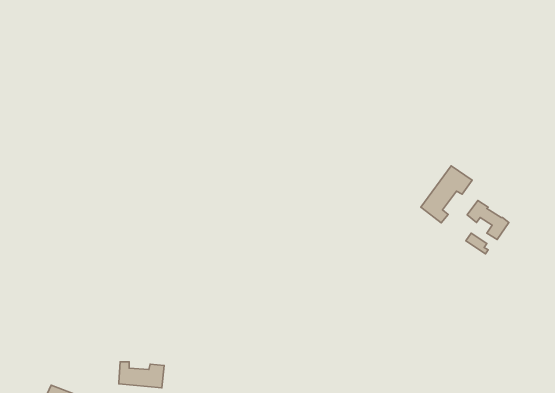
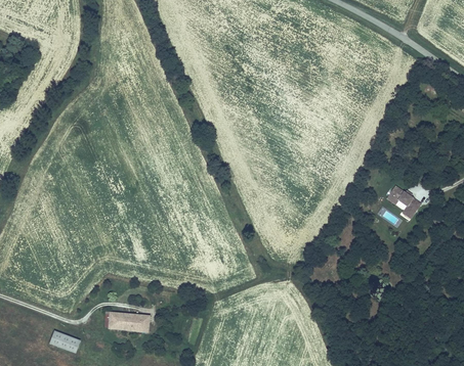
building: [421,166,472,223] -> none

